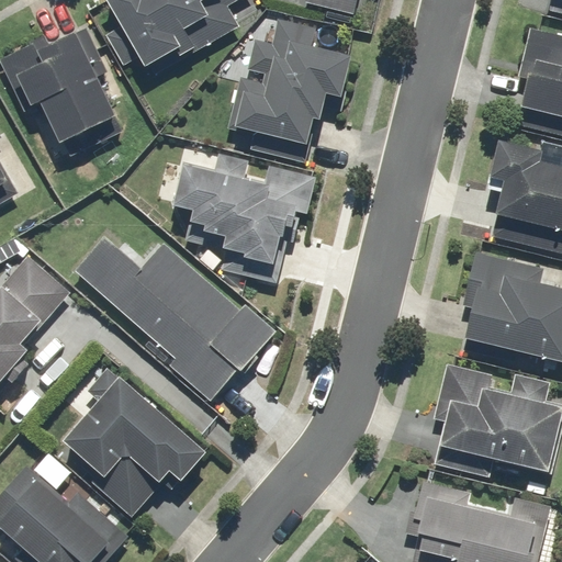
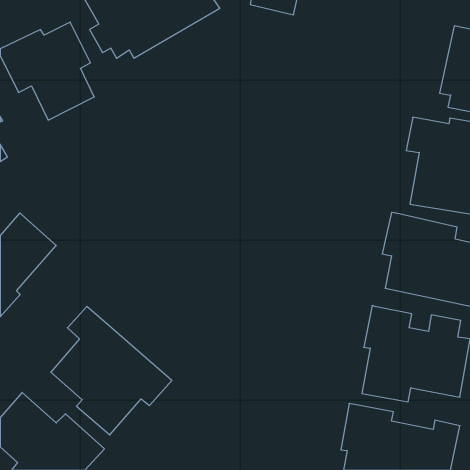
building: [226,18,348,164] -> none
building: [159,145,321,282] -> none
building: [75,237,276,402] -> none

